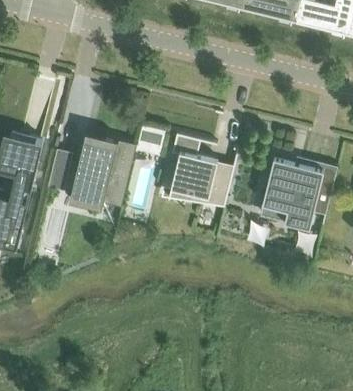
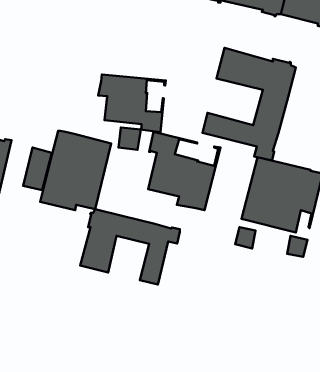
building: none -> [203,48,296,160]
building: none -> [98,75,166,132]
building: none -> [80,209,180,284]

